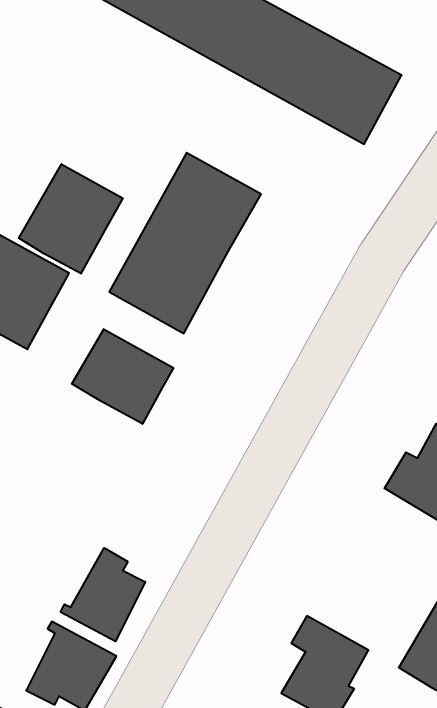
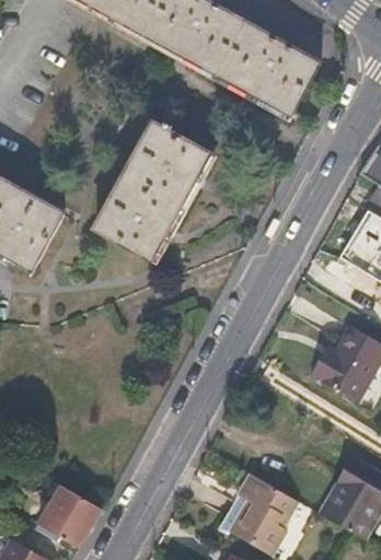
building: [19,164,123,274] -> none
building: [72,329,173,424] -> none
building: [61,548,145,641] -> none

